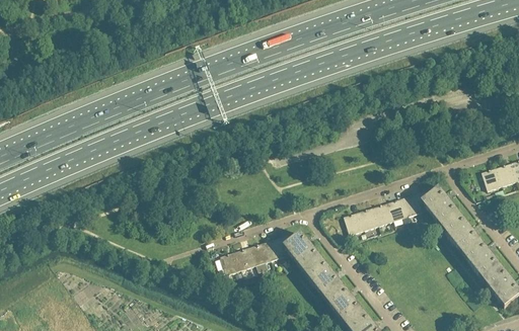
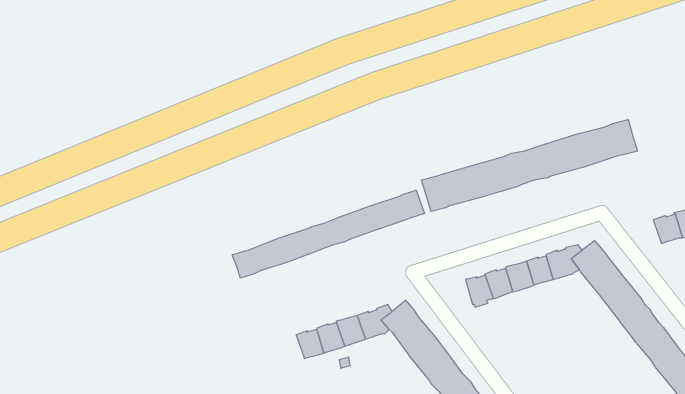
building: none -> [422,120,638,211]
building: none -> [232,190,425,278]

